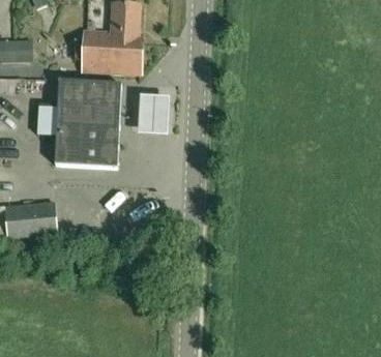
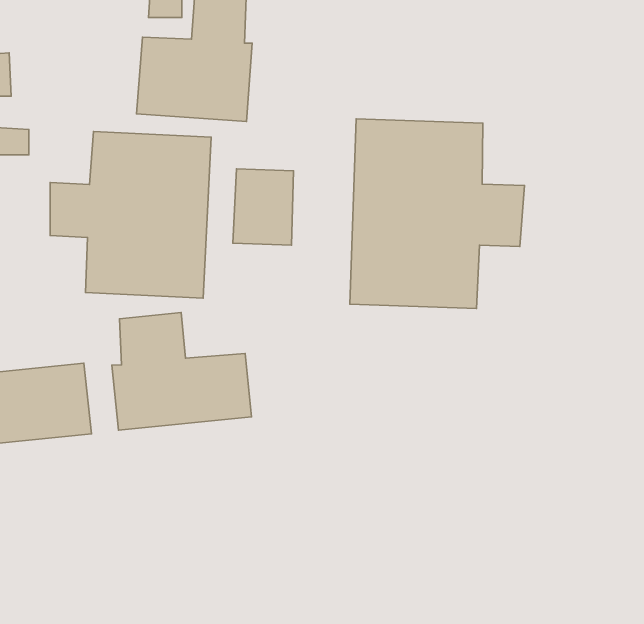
building: none -> [350,119,525,309]
building: none -> [112,313,252,430]

